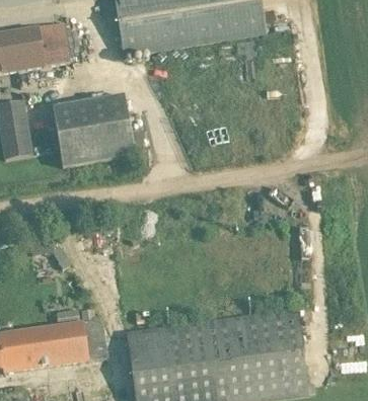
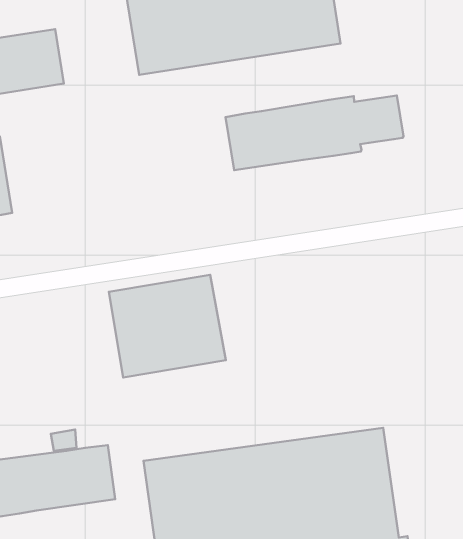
building: none -> [225,95,403,170]
building: [52,93,135,166] -> [109,275,226,377]

